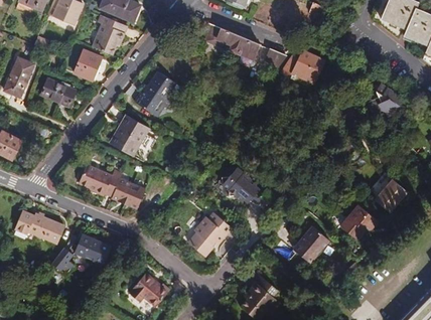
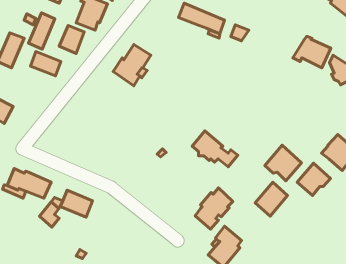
building: none -> [29,13,55,49]
building: [281,48,323,84] -> [293,36,331,68]
building: [109,115,155,162] -> none
building: [78,164,145,208] -> none
building: none -> [265,145,302,181]
building: [187,211,230,258] -> [195,188,233,229]
building: [128,272,169,306] -> none

